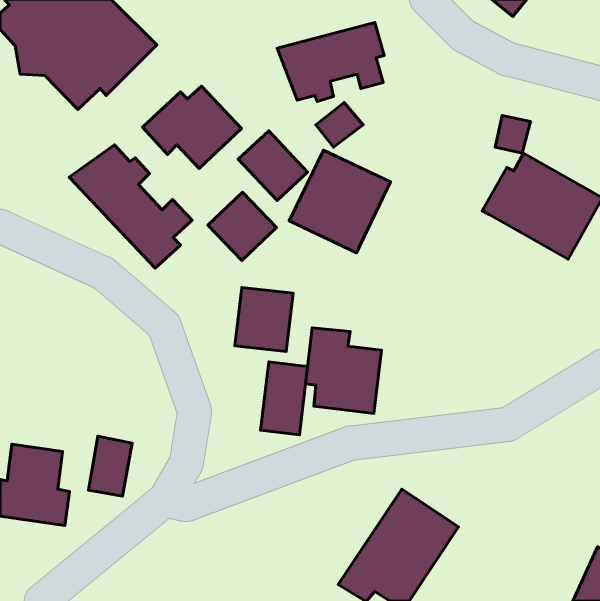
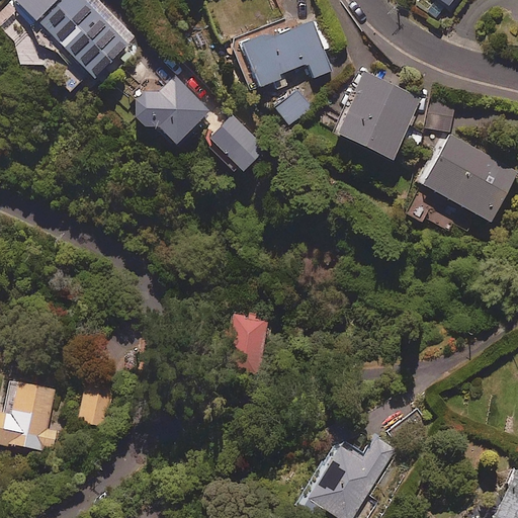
building: [69,145,192,268] -> none
building: [289,150,391,253] -> [334,71,421,159]
building: [208,192,277,260] -> none
building: [235,288,293,352] -> none
building: [306,328,381,413] -> none

